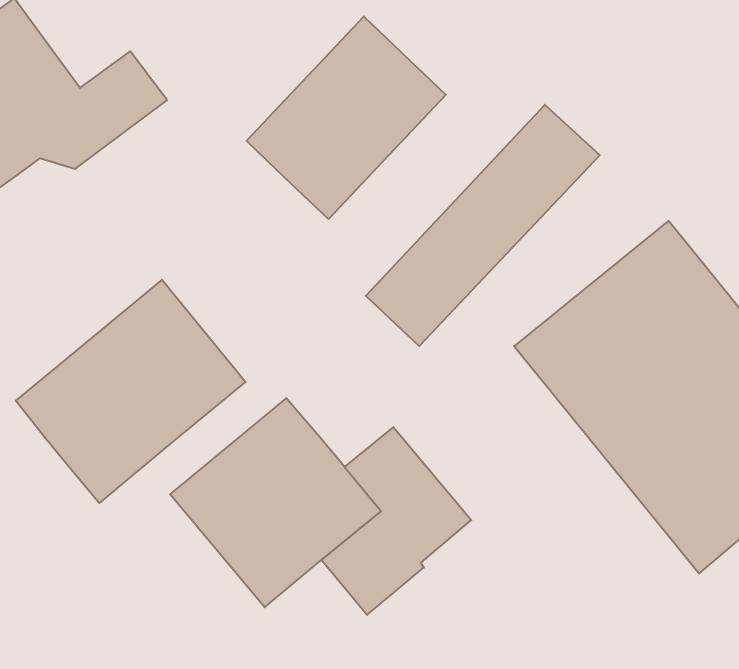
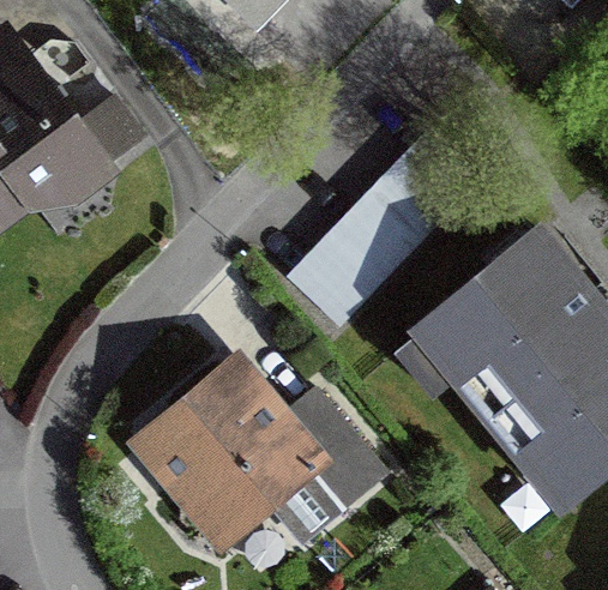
building: [247,16,446,219] -> none
building: [16,280,246,503] -> none

